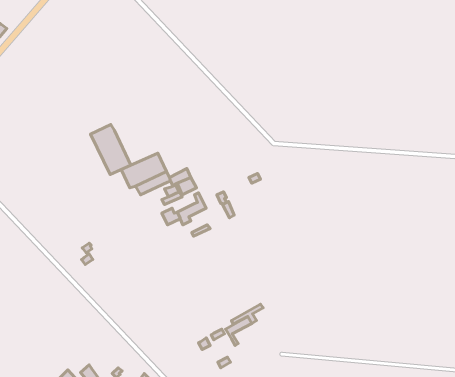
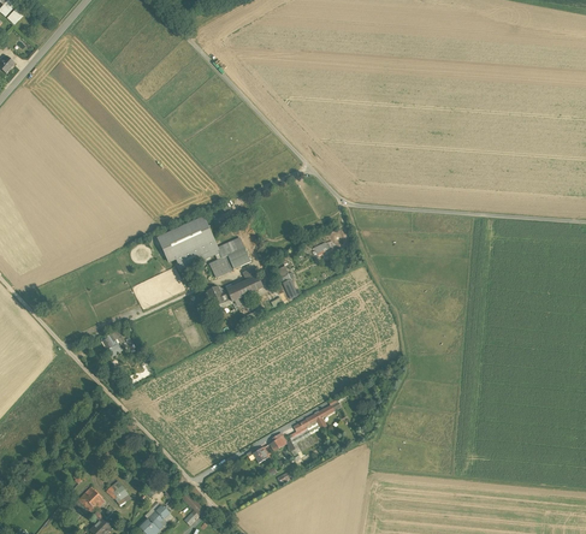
building: [90,125,131,175] -> none

